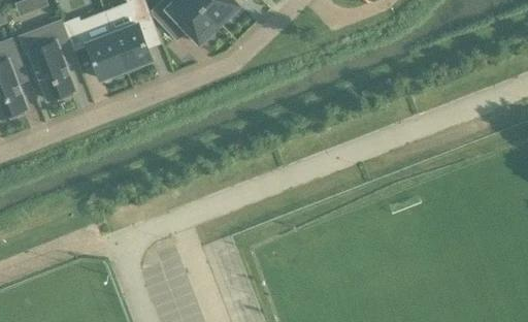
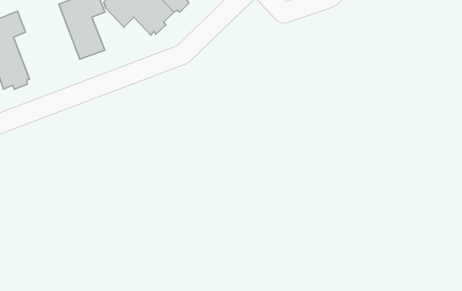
building: [64,11,126,78] -> none

